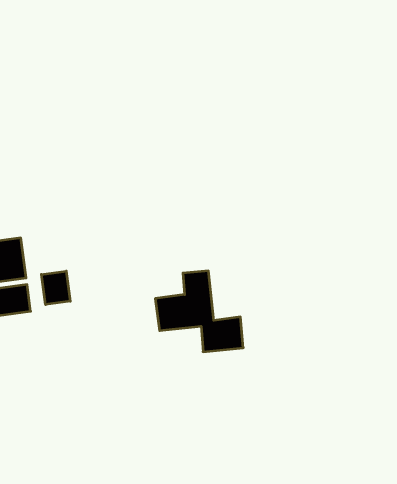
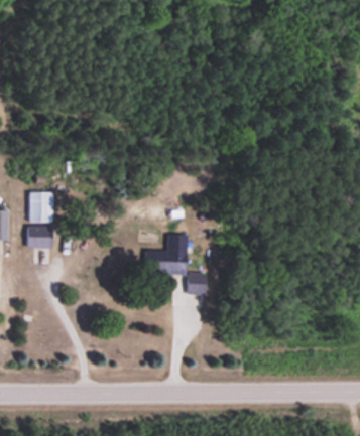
building: [41,271,70,305] -> none

